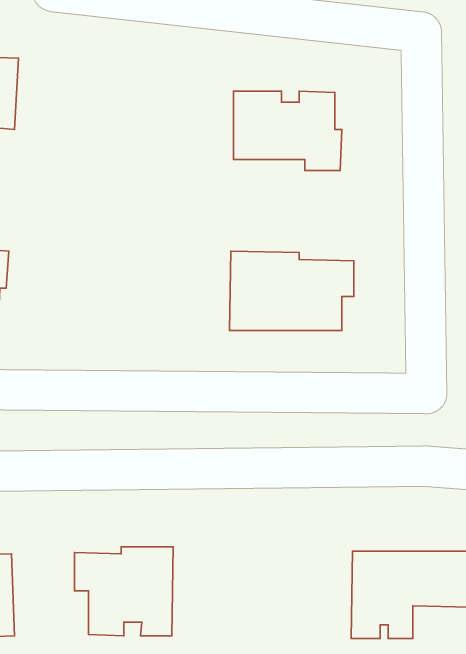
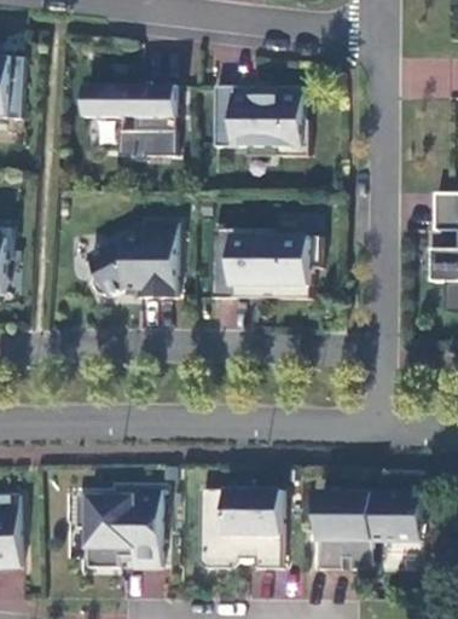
building: none -> [85,83,178,158]
building: none -> [86,219,175,296]
building: none -> [199,488,283,567]

